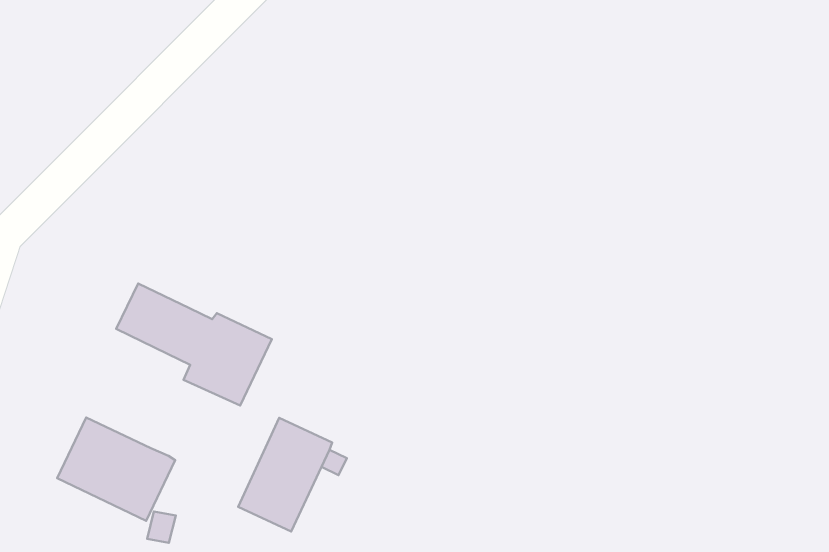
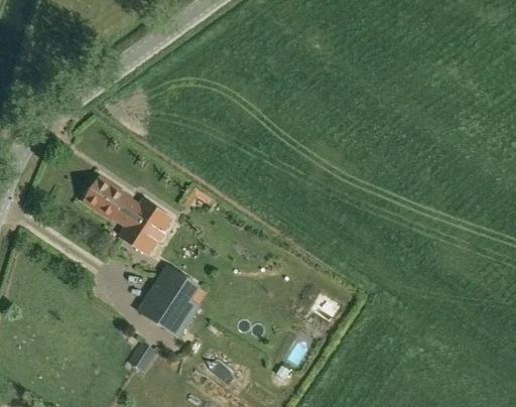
building: [57,418,175,521] -> none

